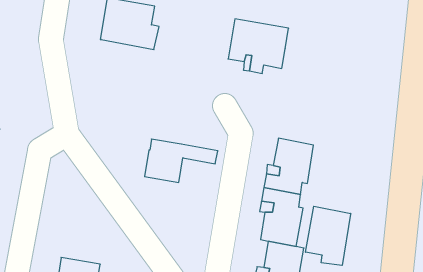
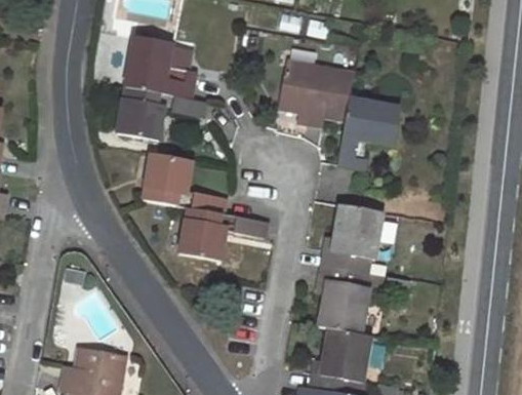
building: none -> [118,86,206,139]
building: none -> [338,97,399,167]
building: none -> [144,151,227,212]
building: [306,206,351,265] -> none

